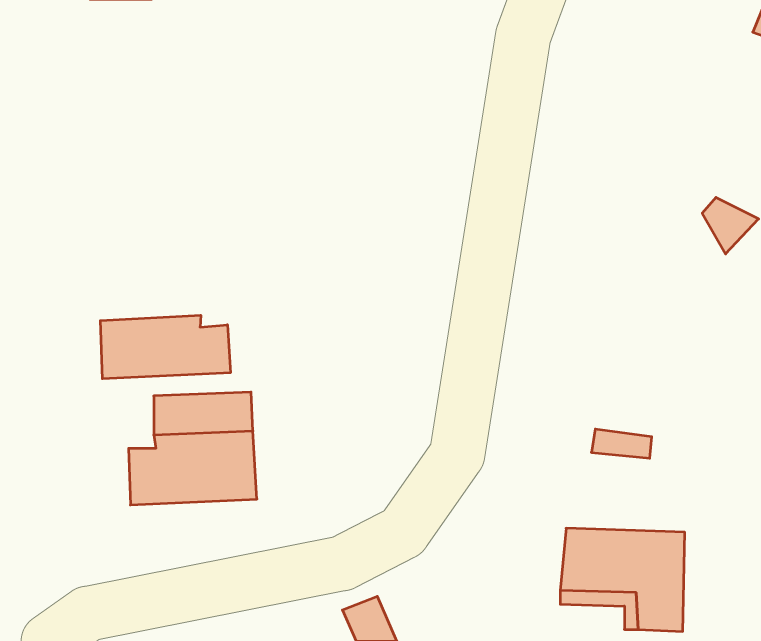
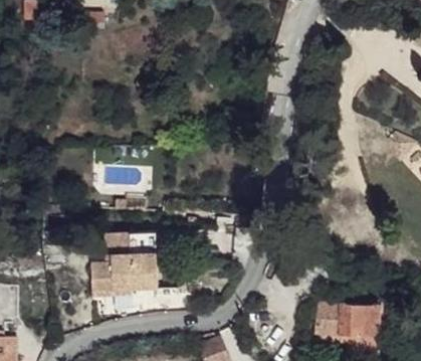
building: [100,315,230,379] -> none

